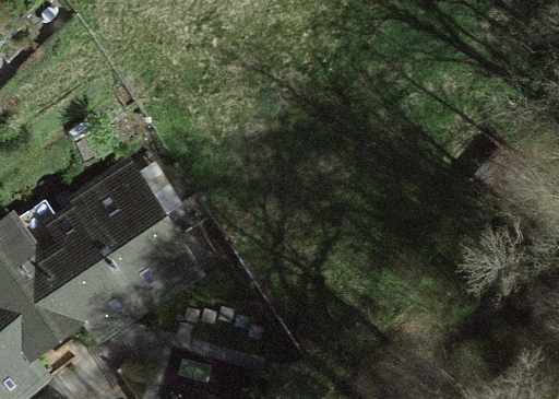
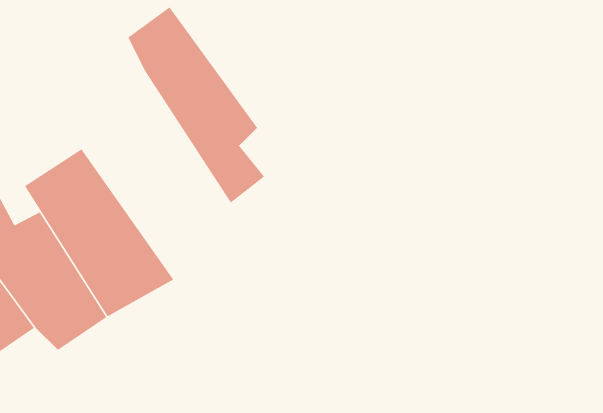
building: none -> [127,6,265,203]

